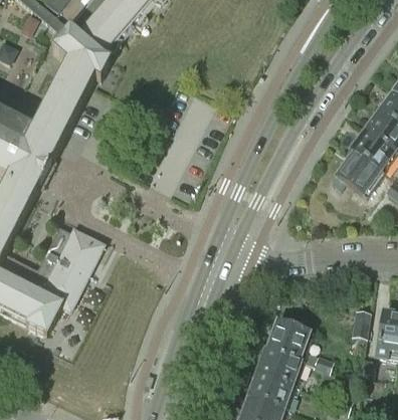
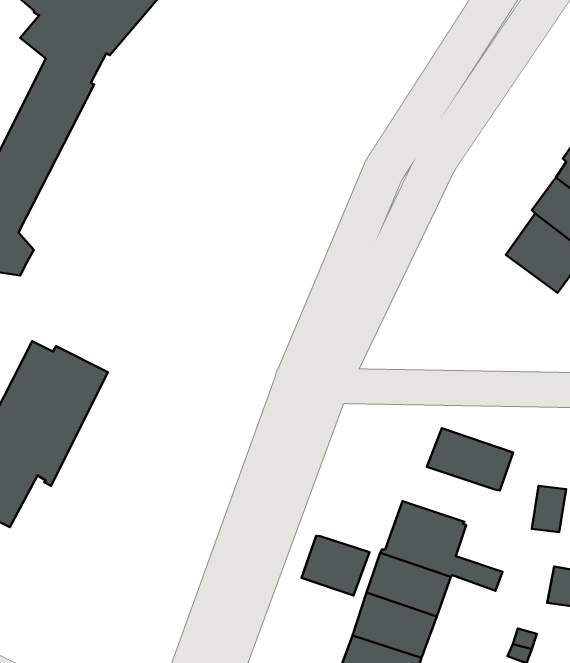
building: none -> [427,428,513,490]
building: none -> [301,536,370,595]

